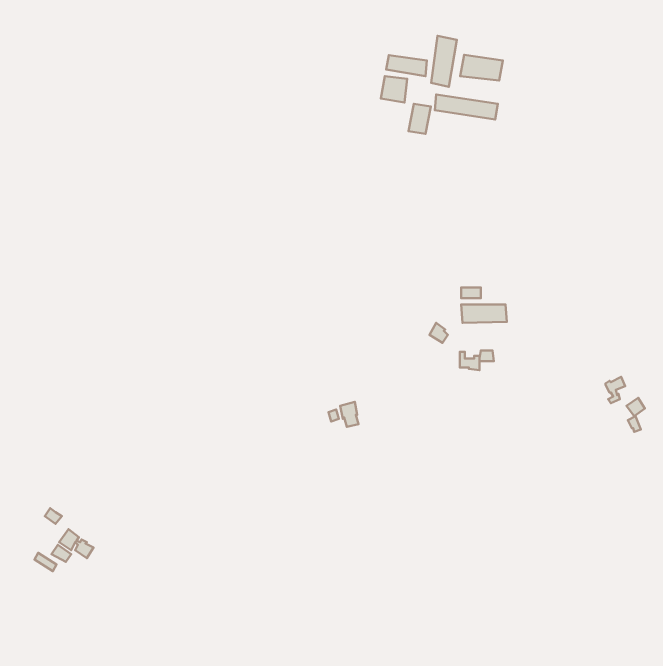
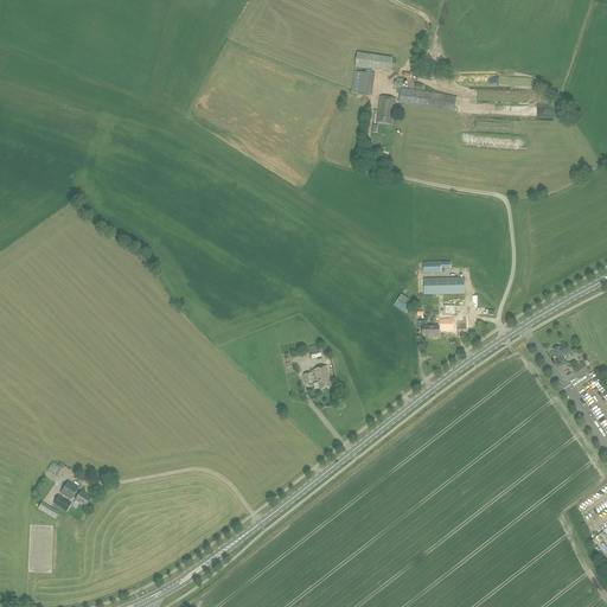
building: [431,36,457,87] -> none
building: [460,55,503,80] -> none

